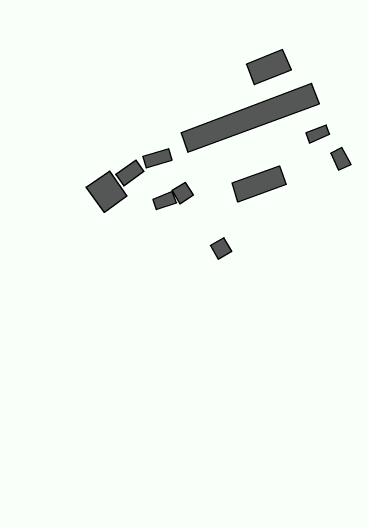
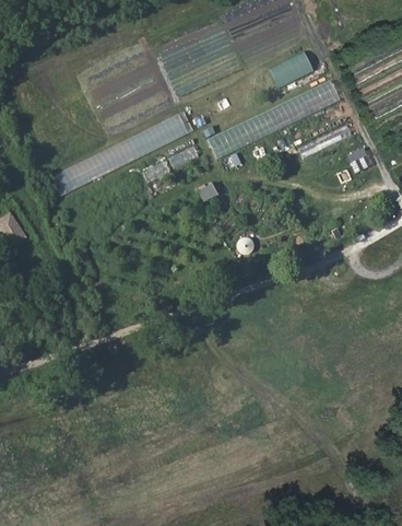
building: [232,166,286,202] -> none
building: [86,171,127,212] -> none

